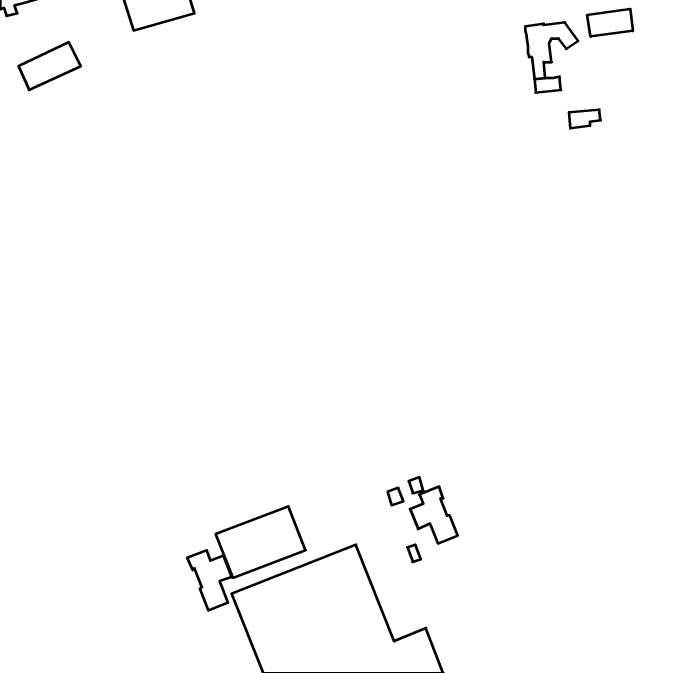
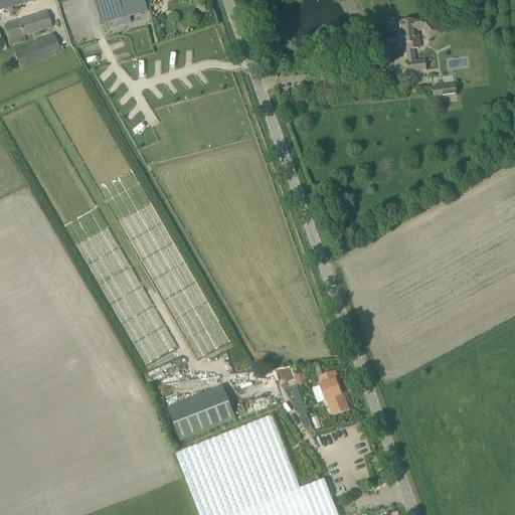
building: [587,9,633,37] -> none
building: none -> [4,11,52,45]
building: [187,550,232,610] -> none

